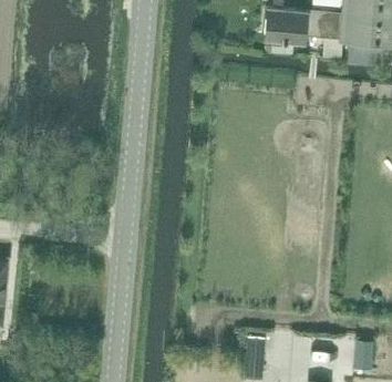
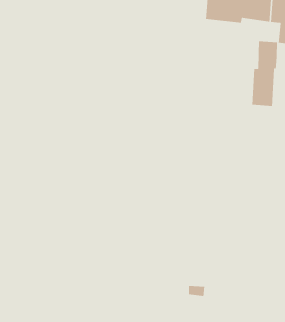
building: none -> [252,40,278,107]

